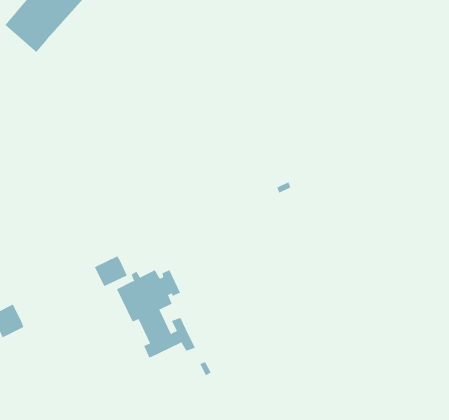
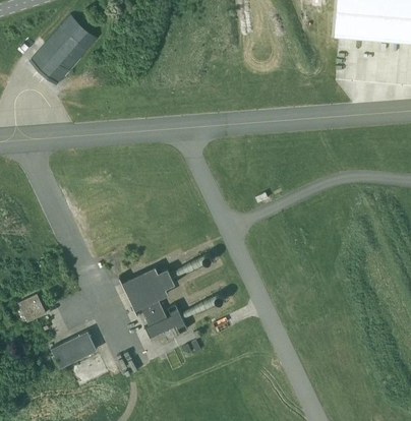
building: [94,256,128,287] -> none
building: none -> [49,332,96,369]

